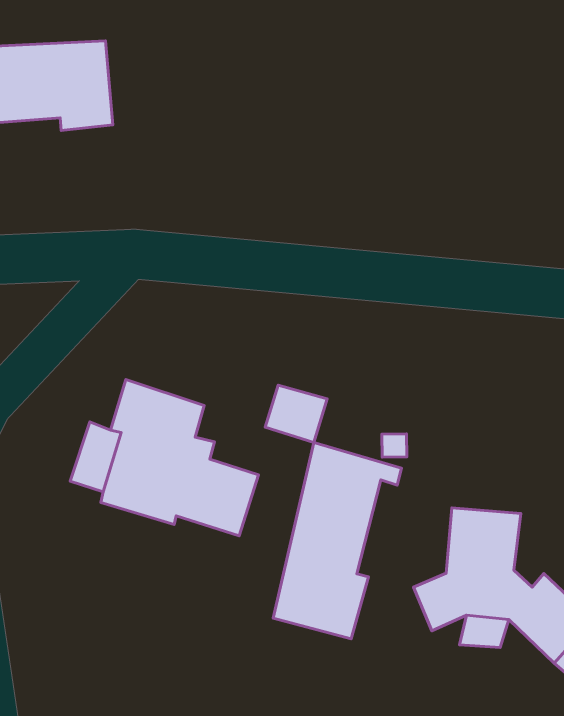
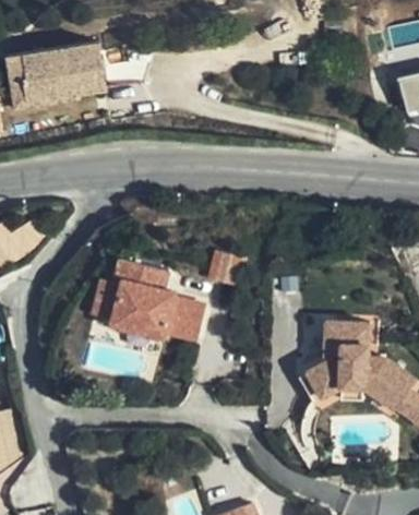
building: [273,442,401,639] -> none

